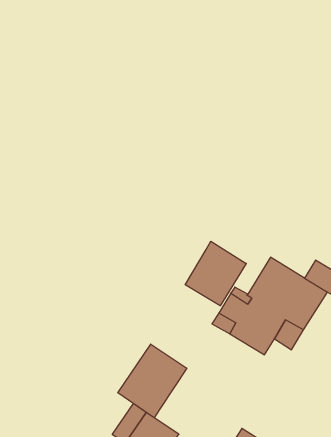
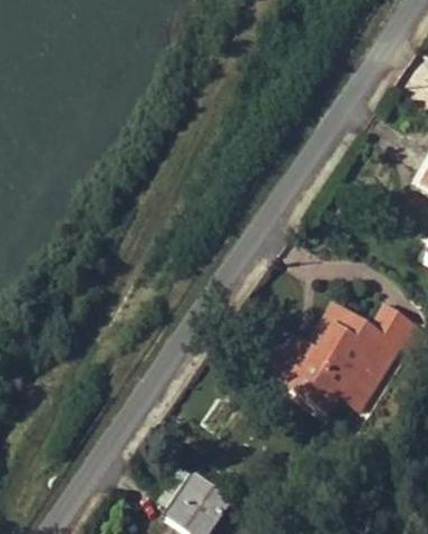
building: [185,241,246,306] -> none
building: [118,344,187,418] -> none

